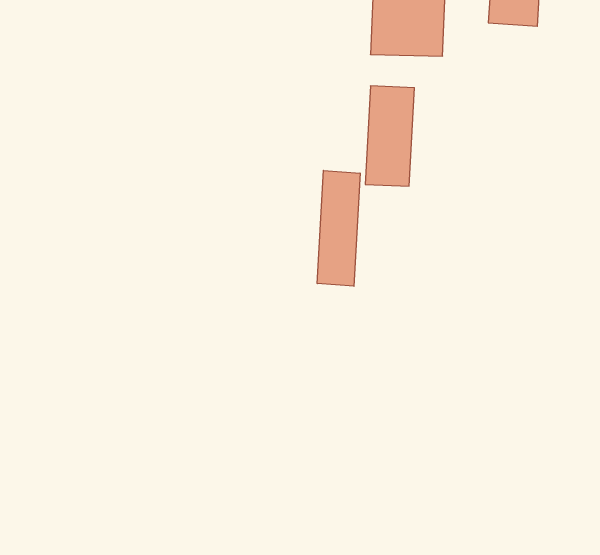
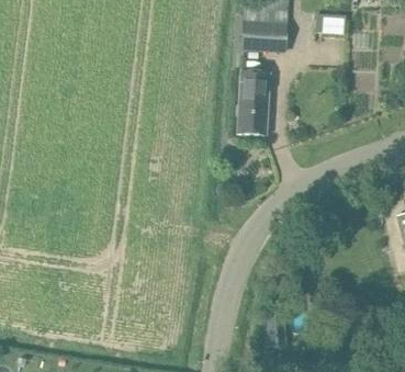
building: [317,170,360,286] -> none

